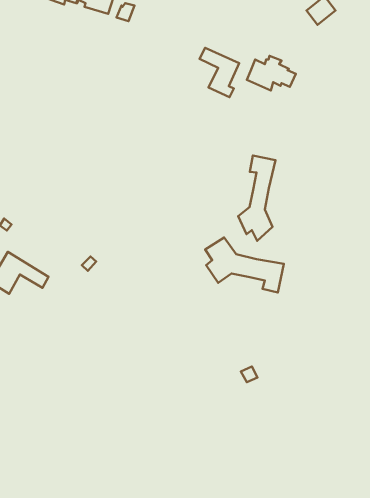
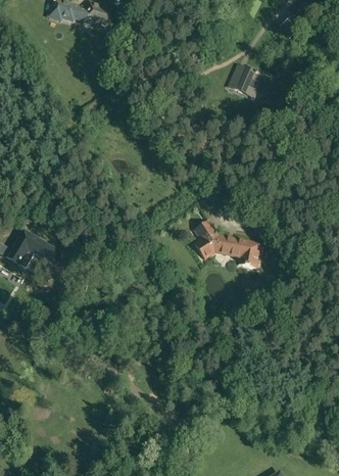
building: [200,48,239,97] -> none
building: [238,156,275,241] -> none

